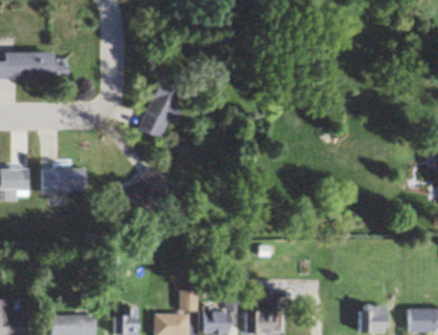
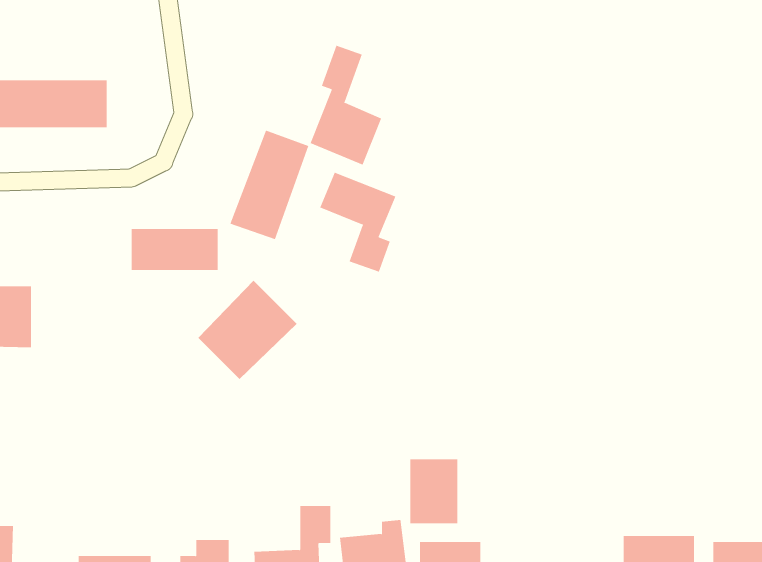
building: none -> [310,45,382,165]
building: none -> [319,172,396,273]
building: [39,167,87,191] -> [131,229,219,271]
building: none -> [410,458,458,524]

